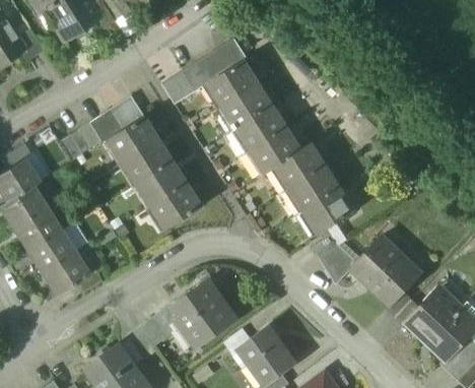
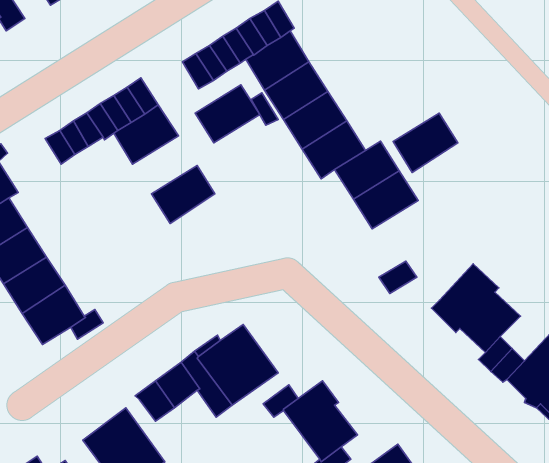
building: [125,139,174,183] -> [195,85,260,143]
building: [153,183,202,229] -> none
building: [306,188,354,233] -> [393,113,458,173]
building: [319,246,356,283] -> none

